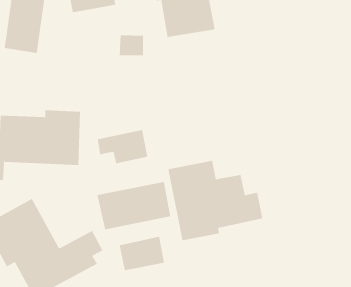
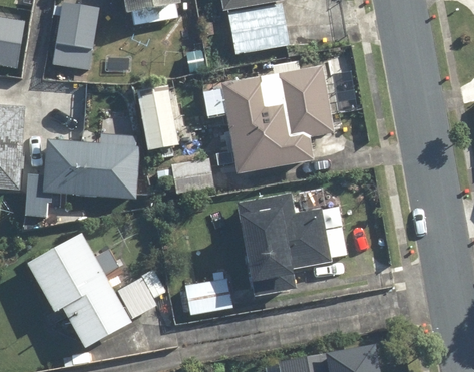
building: none -> [221,65,335,172]
building: none -> [136,83,176,148]
building: [97,181,171,230] -> none

